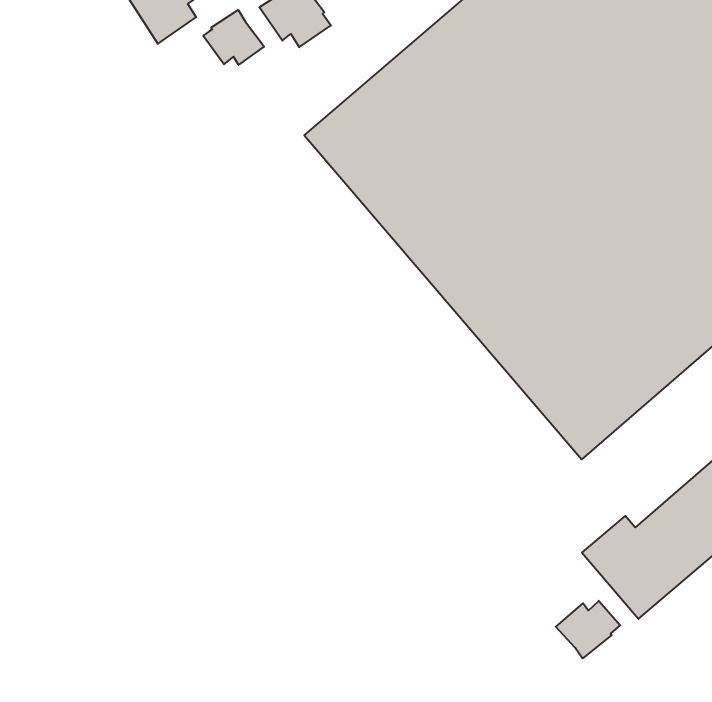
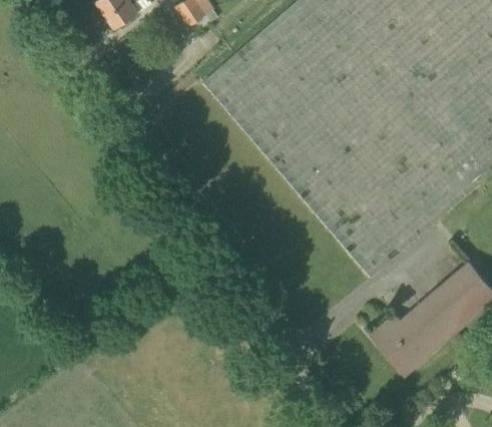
building: [203,10,264,65] -> none
building: [556,601,620,658] -> none

